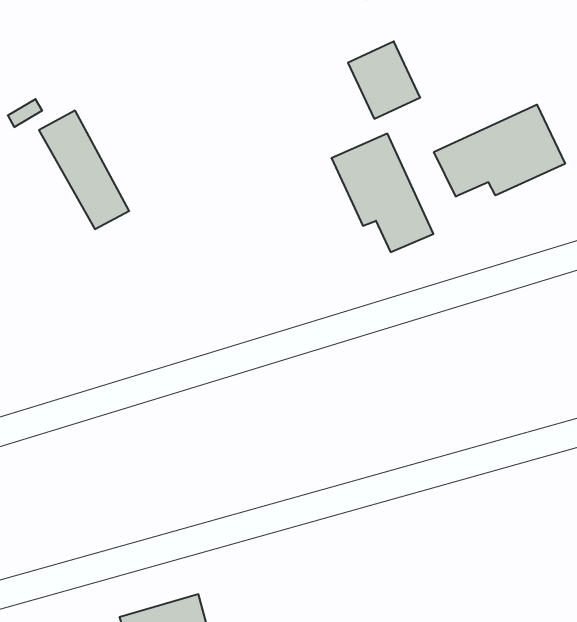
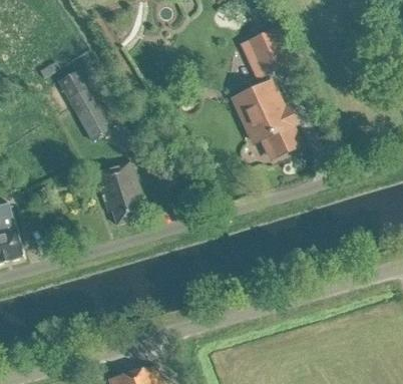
building: [434,105,565,197] -> none
building: none -> [95,160,144,226]

